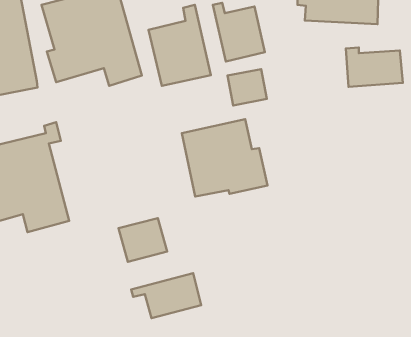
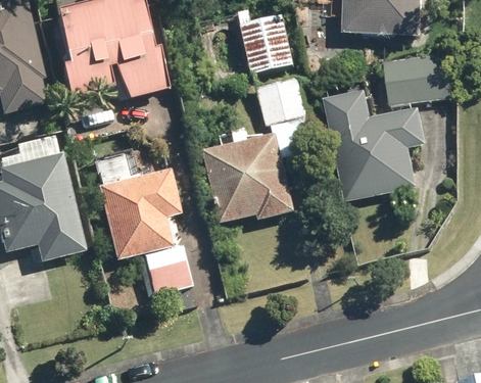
building: [149,5,211,86] -> none
building: none -> [325,91,426,198]
building: none -> [94,166,178,259]
building: [131,273,201,318] -> none

